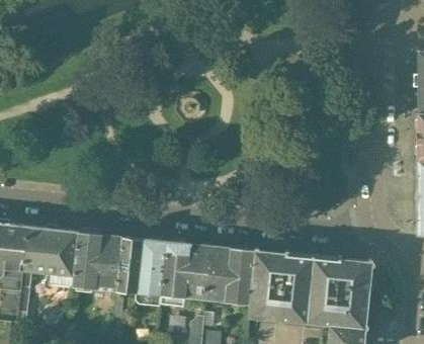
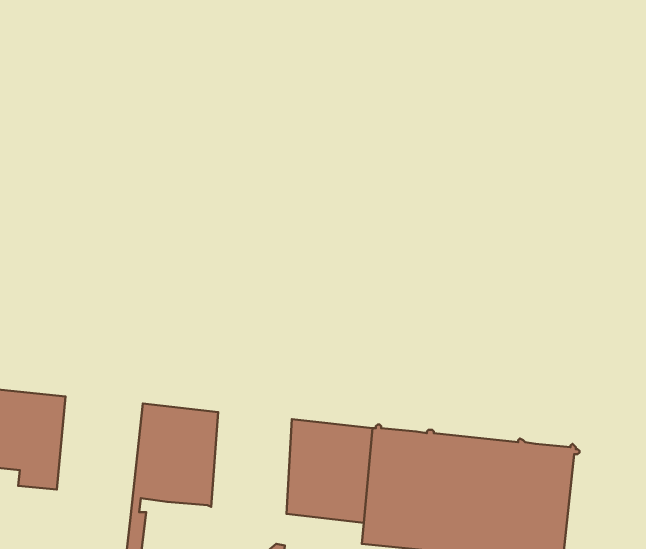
building: [73,232,122,302] -> none
building: [161,241,208,309] -> none

